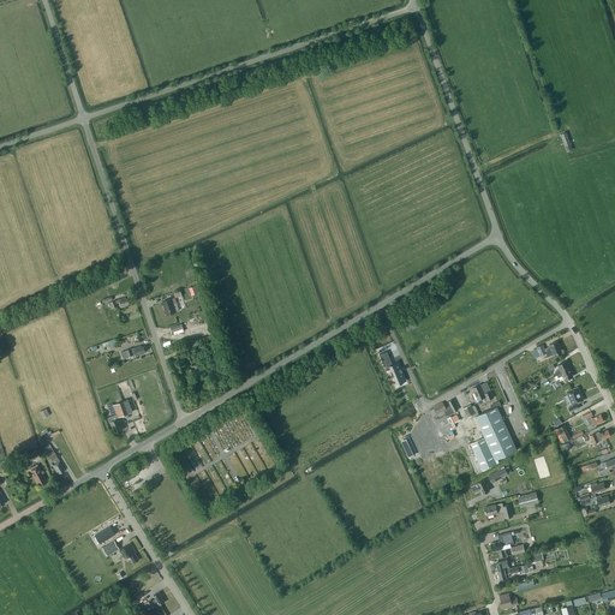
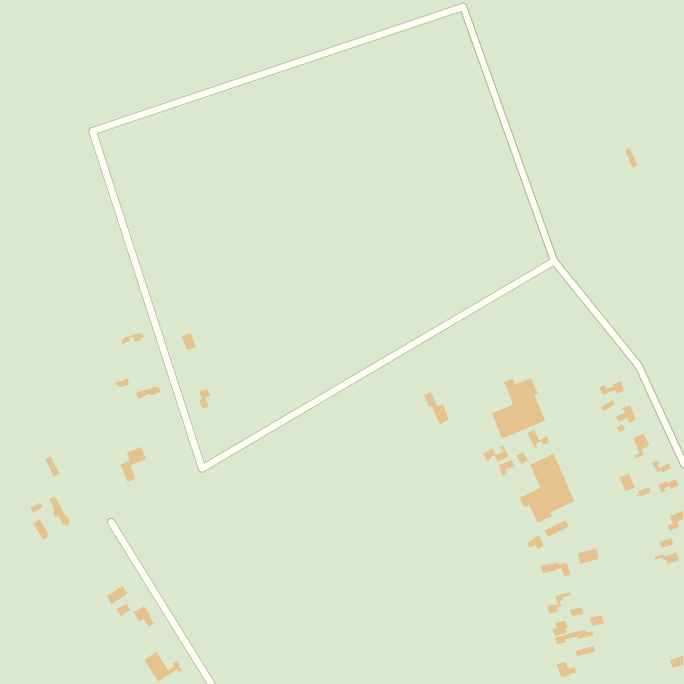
building: none -> [491,377,546,440]

